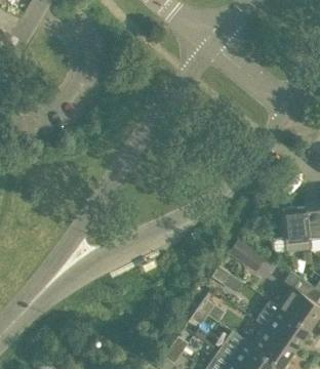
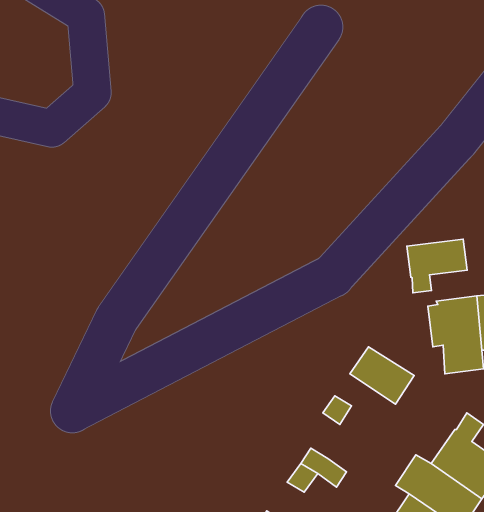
building: none -> [407,239,467,293]

